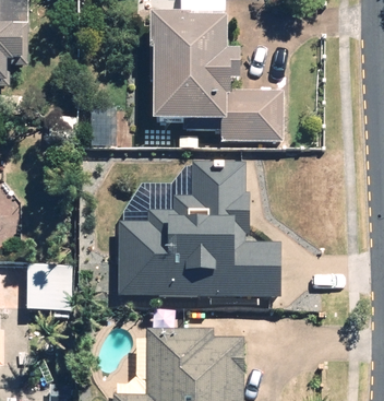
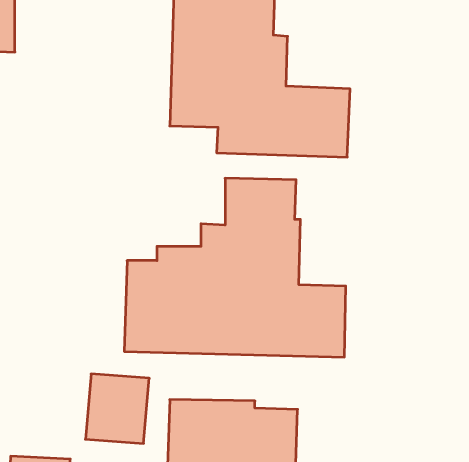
building: [24,261,73,315] -> [85,374,149,443]

